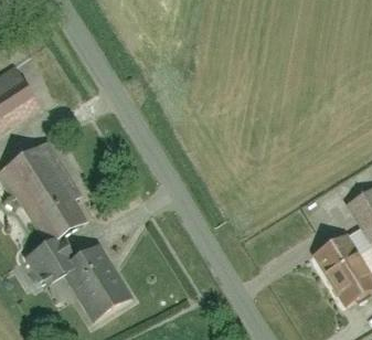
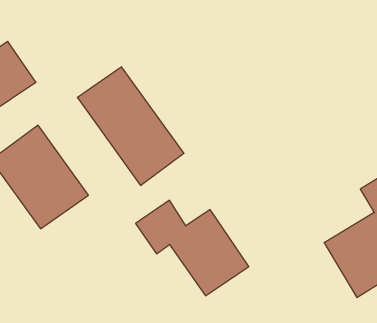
building: none -> [77,67,184,186]
building: [31,234,138,325] -> [136,200,249,296]

